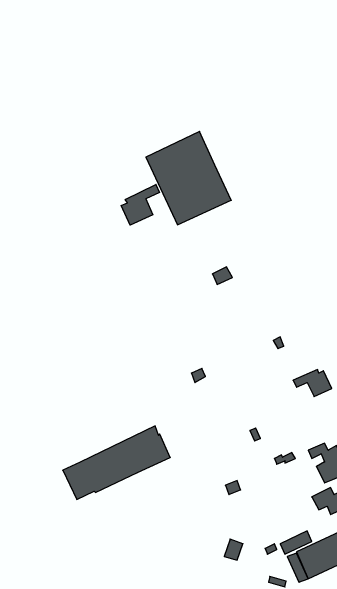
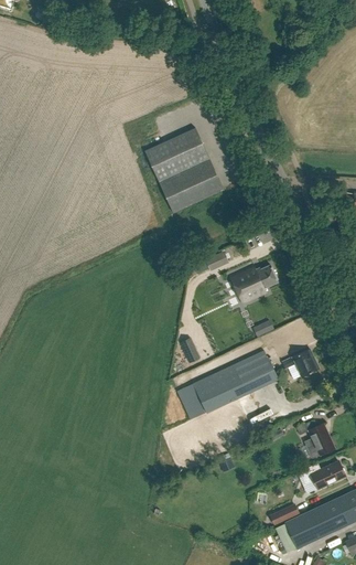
building: [121,184,159,225] -> none
building: none -> [230,265,278,302]
building: [63,426,170,499] -> [176,350,278,419]

